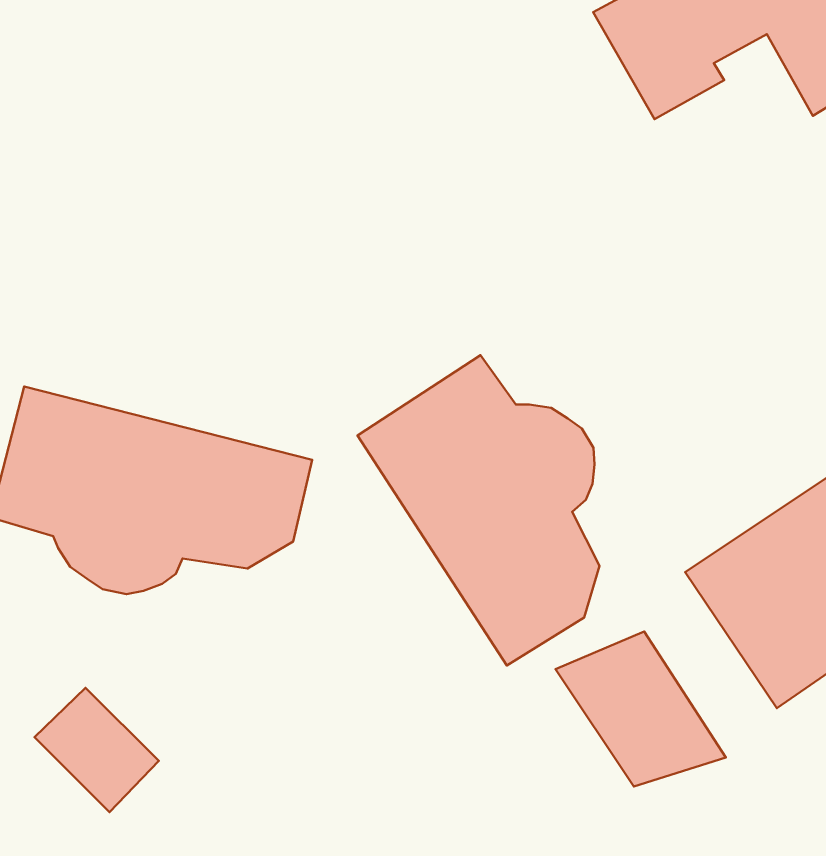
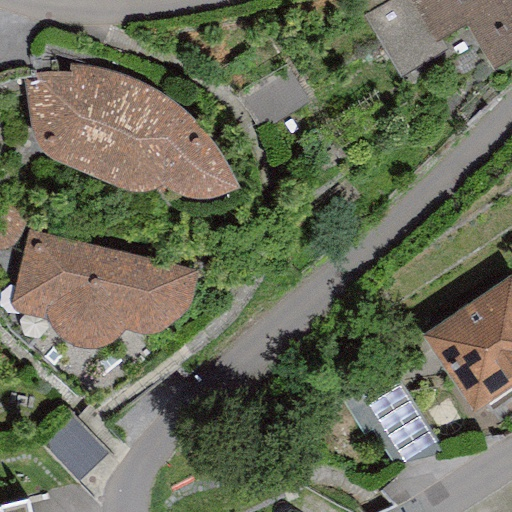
building: none -> [26,64,240,202]
building: [358,355,599,665] -> none

